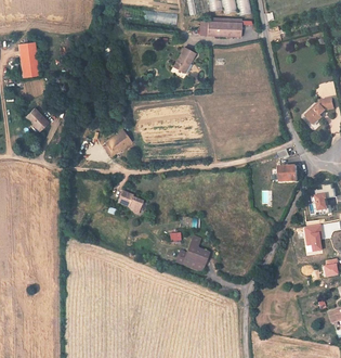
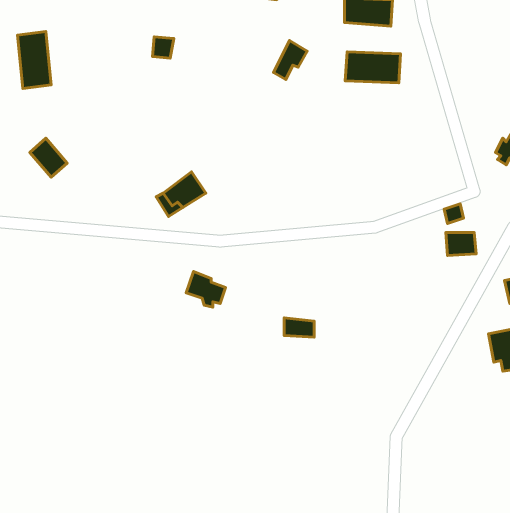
building: none -> [345,52,401,83]
building: [173,234,207,272] -> none

